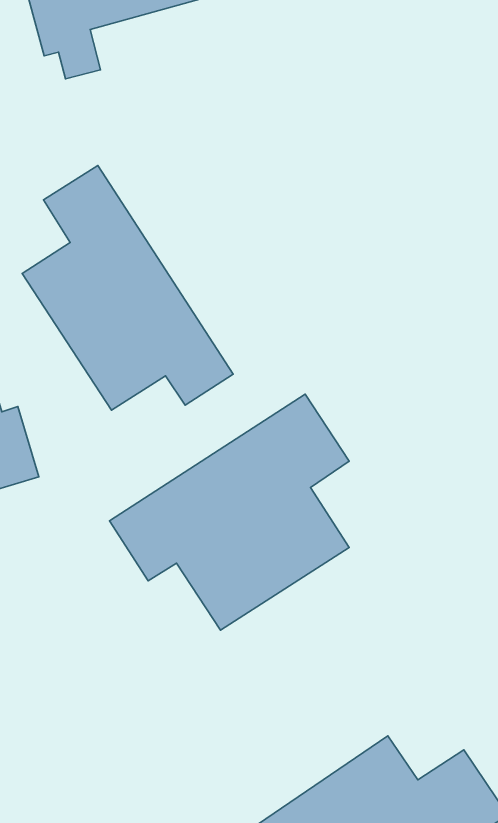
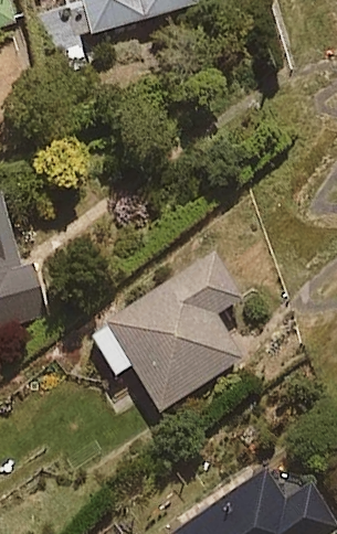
building: [22,165,233,410] -> none

